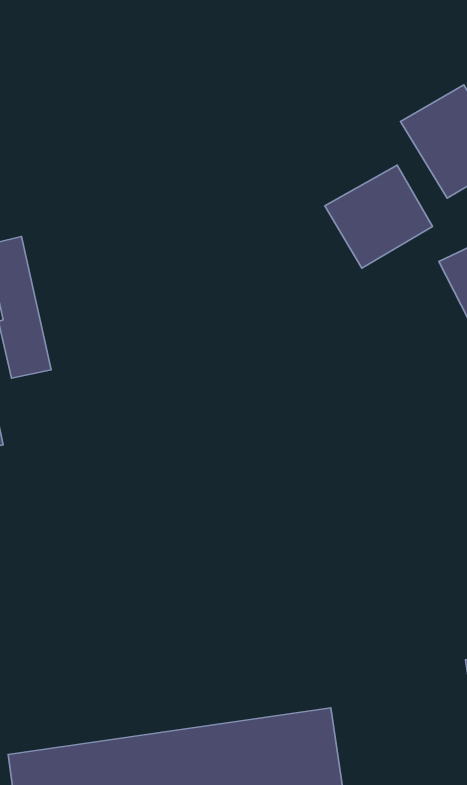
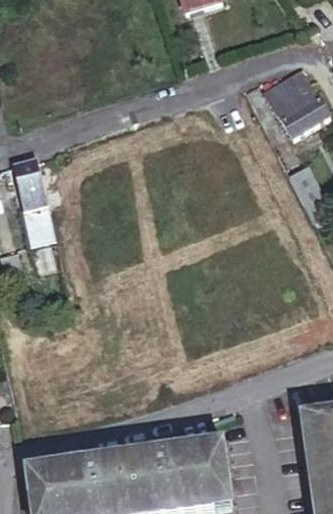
building: [325,165,433,268] -> none

